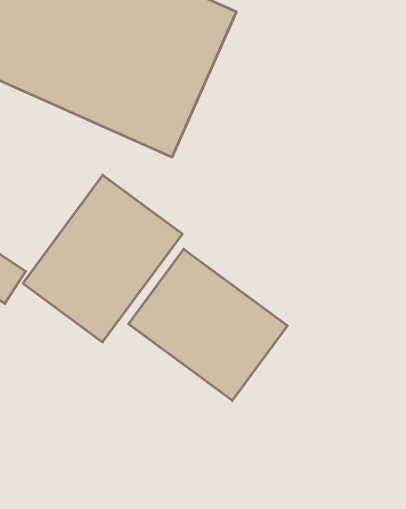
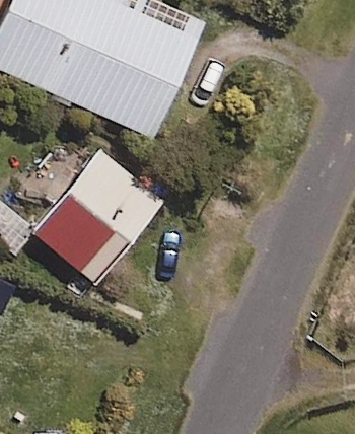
building: [129,249,287,401] -> none

